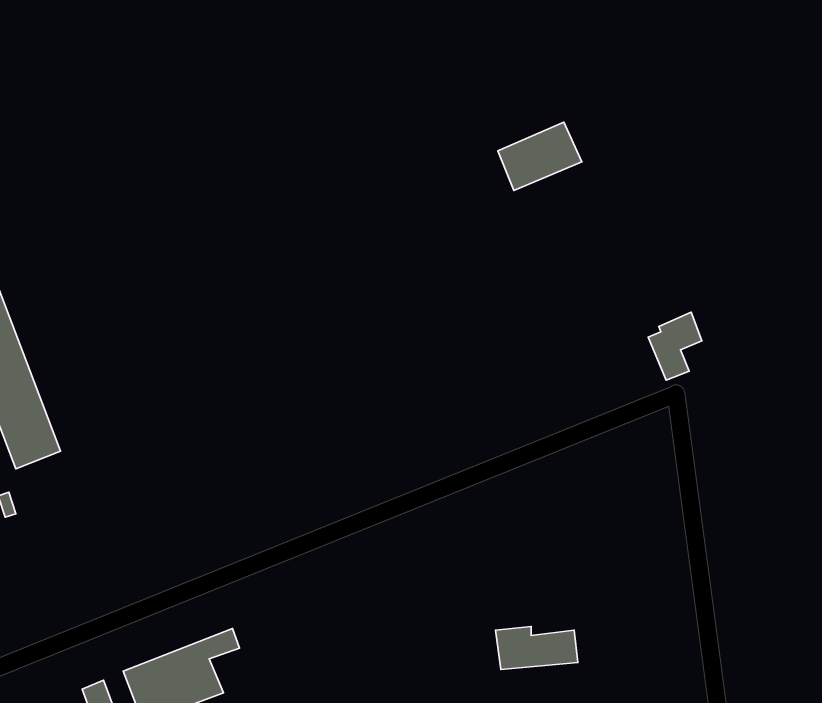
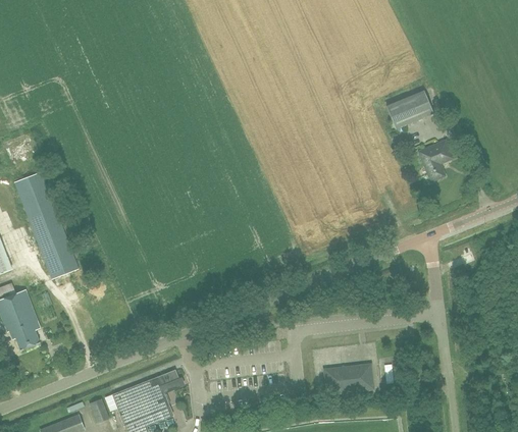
building: [498,122,582,190] -> [386,90,434,128]
building: [648,312,702,380] -> [421,141,452,179]

